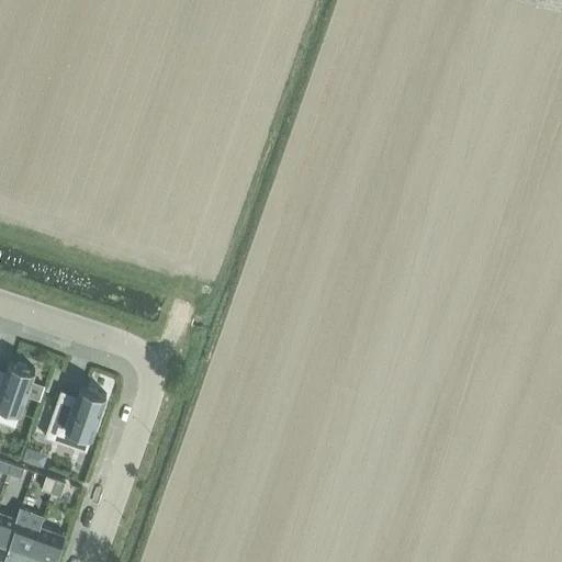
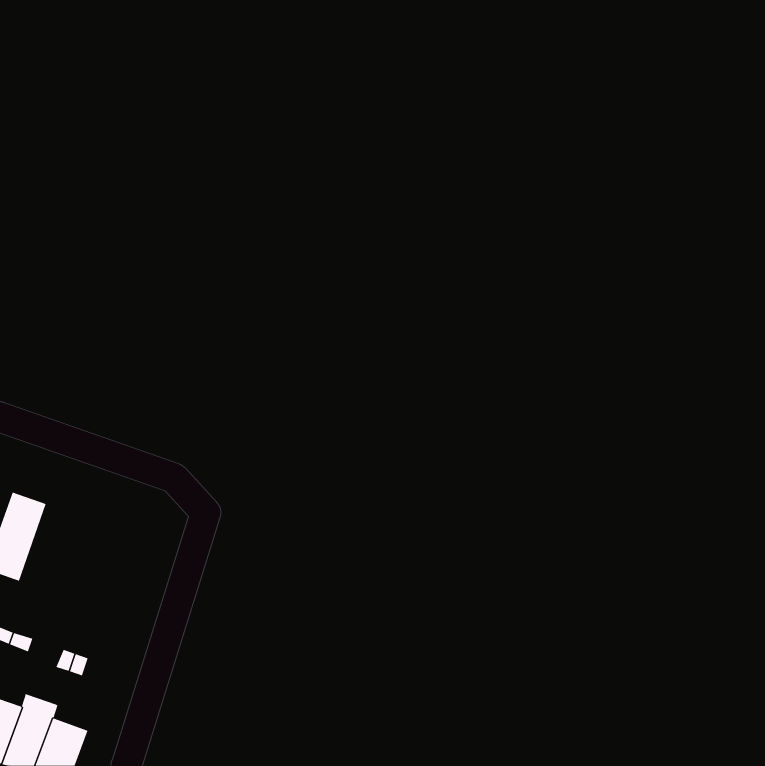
building: [44,385,105,451] -> none

